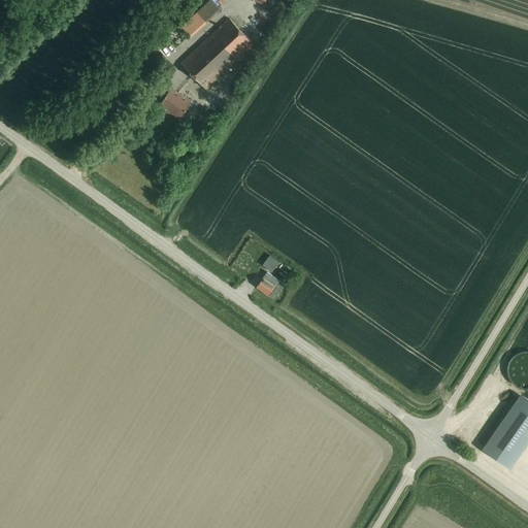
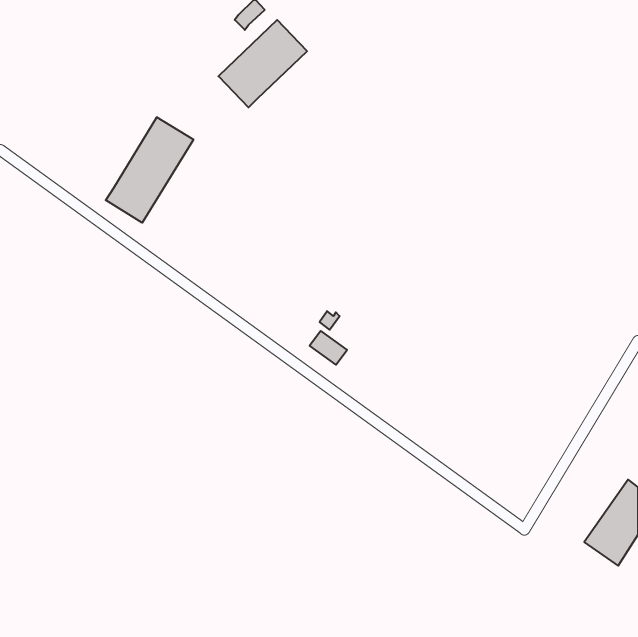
building: [159,89,197,121] -> none
building: none -> [106,117,193,223]

